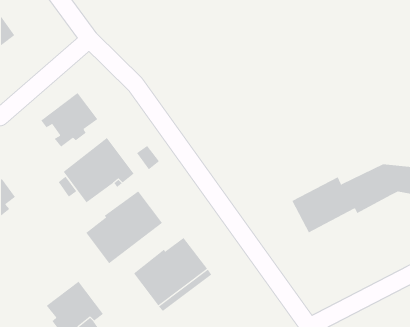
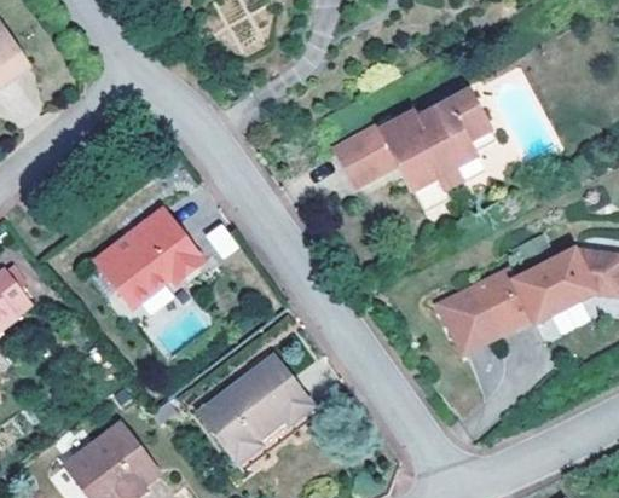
building: none -> [341,87,494,212]
building: [41,92,98,147] -> none
building: [86,191,163,264] -> none

